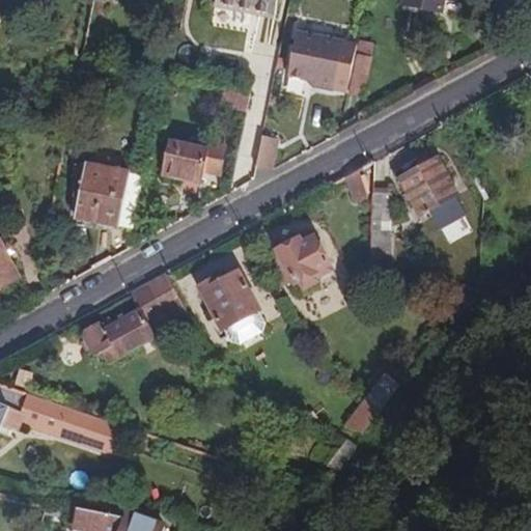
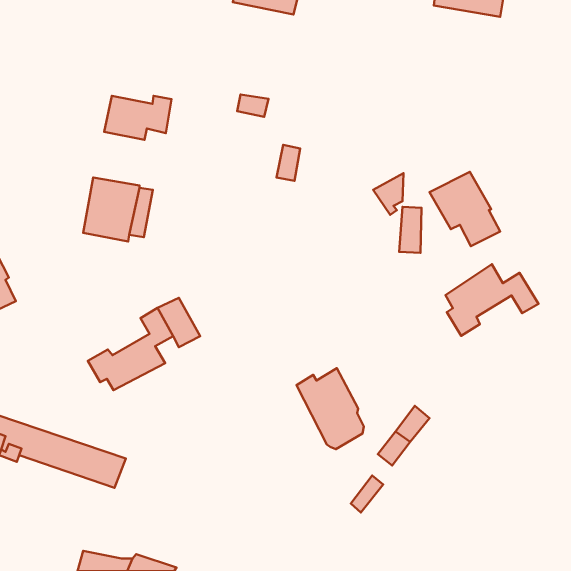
building: [287,29,357,88] -> none
building: [161,140,223,180] -> [104,96,171,140]
building: [276,237,327,288] -> none
building: none -> [446,264,538,336]
building: [198,271,260,345] -> [296,368,364,449]

